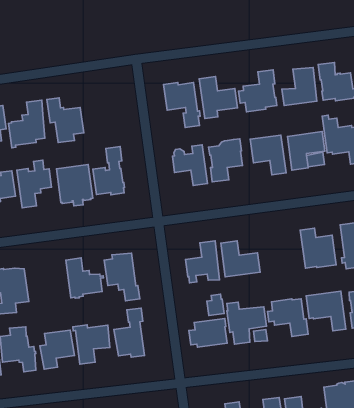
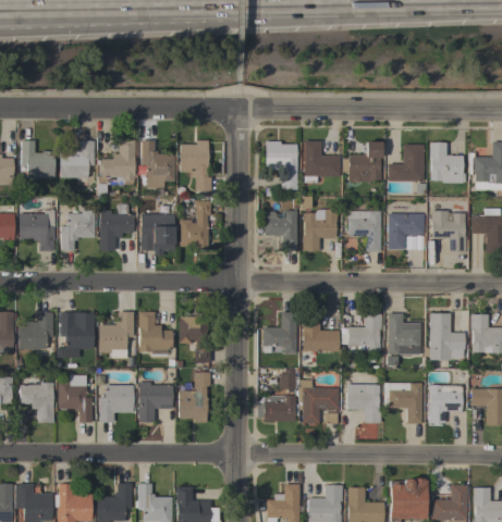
building: none -> [181,140,211,190]
building: none -> [342,313,384,353]
building: none -> [98,311,134,352]

